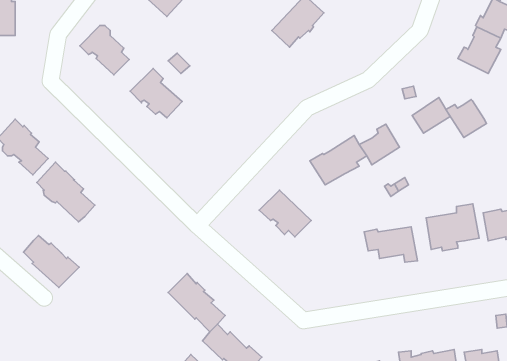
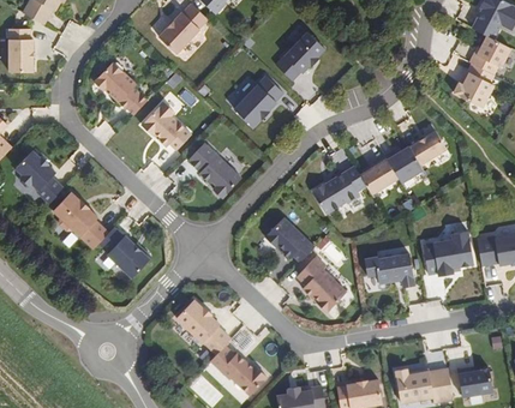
building: none -> [234,77,283,127]
building: [446,99,486,137] -> [384,145,423,181]
building: none -> [187,143,240,197]
building: none -> [297,256,346,311]
building: [23,236,79,287] -> [98,227,151,276]

